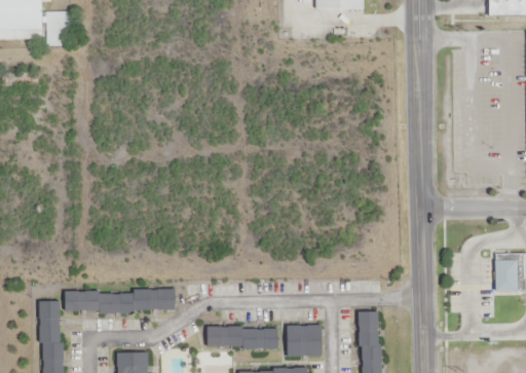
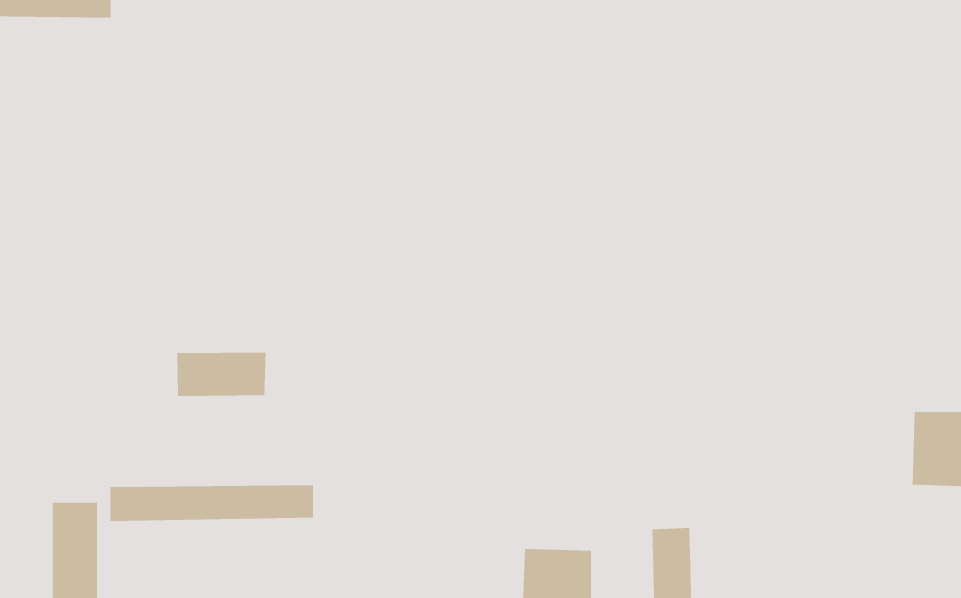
building: none -> [177,352,266,397]
building: [210,326,281,347] -> none

